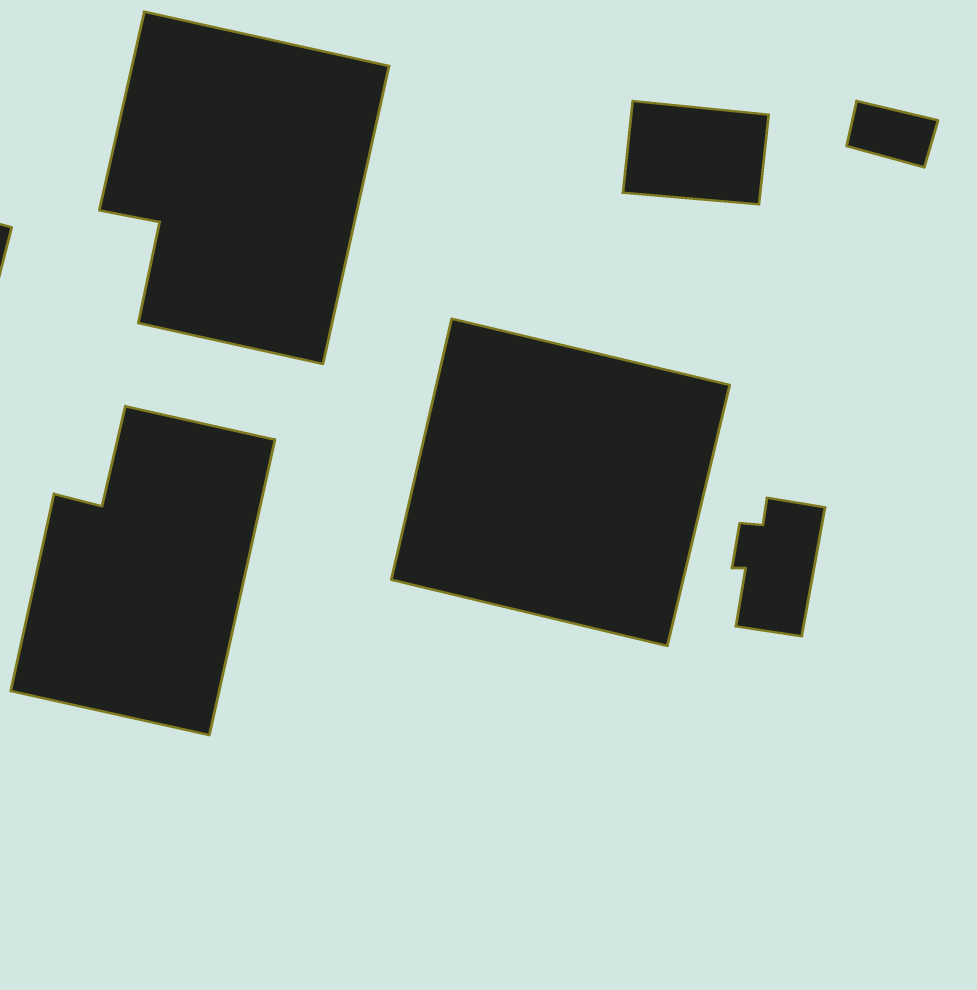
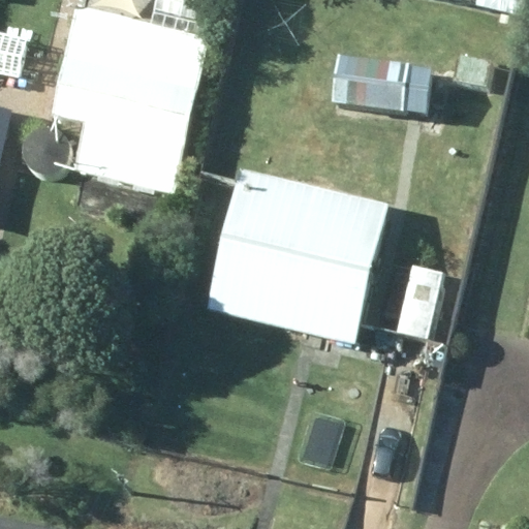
building: [11,406,275,735] -> none

